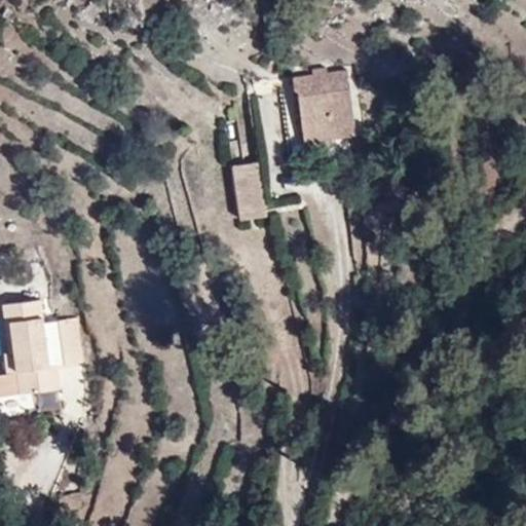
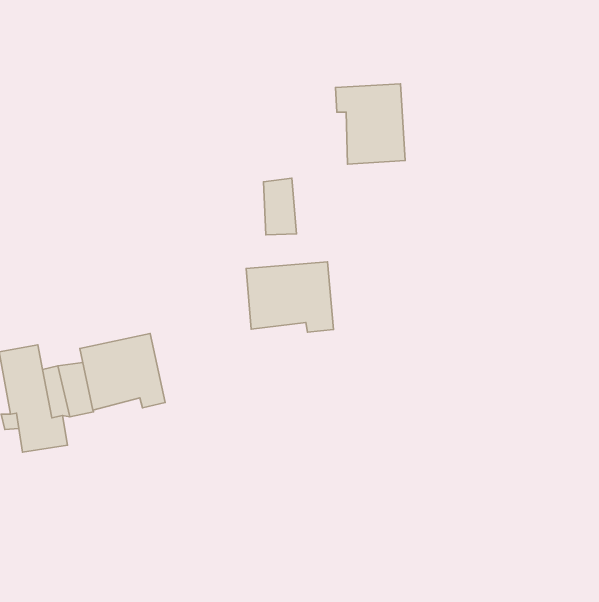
building: none -> [246,262,334,332]
building: none -> [80,334,165,410]

